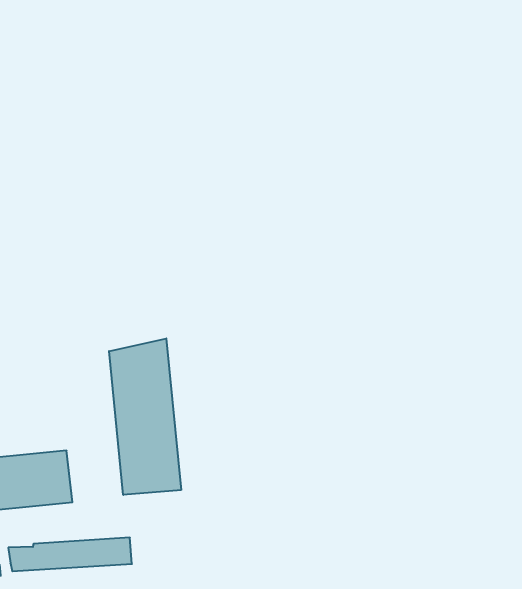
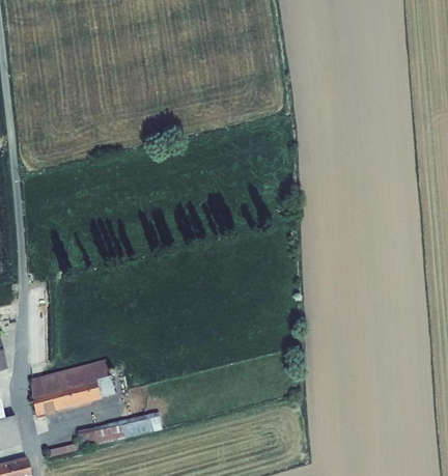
building: [109,338,181,495] -> none

